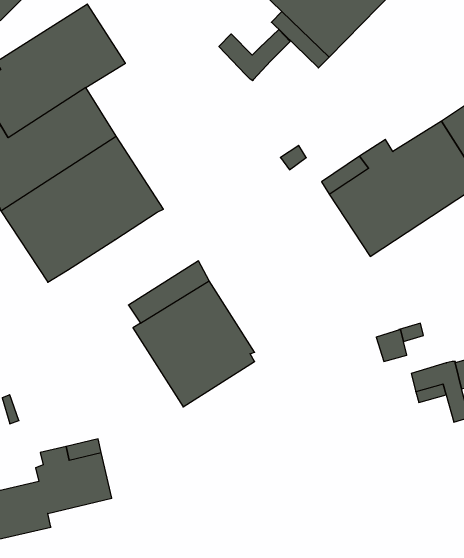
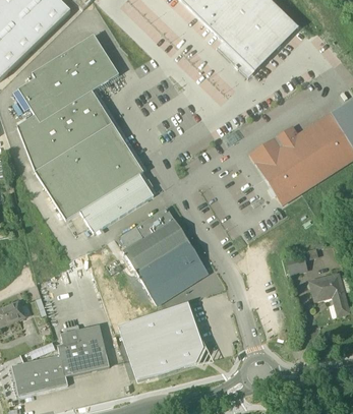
building: [219,29,290,81] -> none
building: none -> [79,174,154,234]
building: none -> [118,302,203,381]

